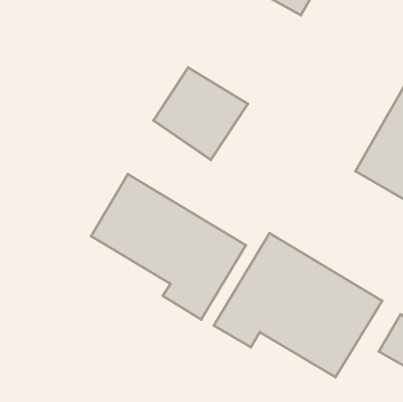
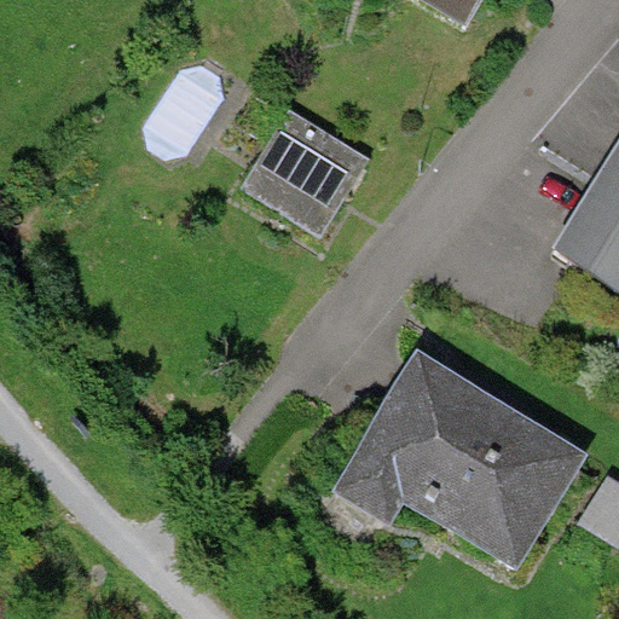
building: [91,174,246,319] -> none

